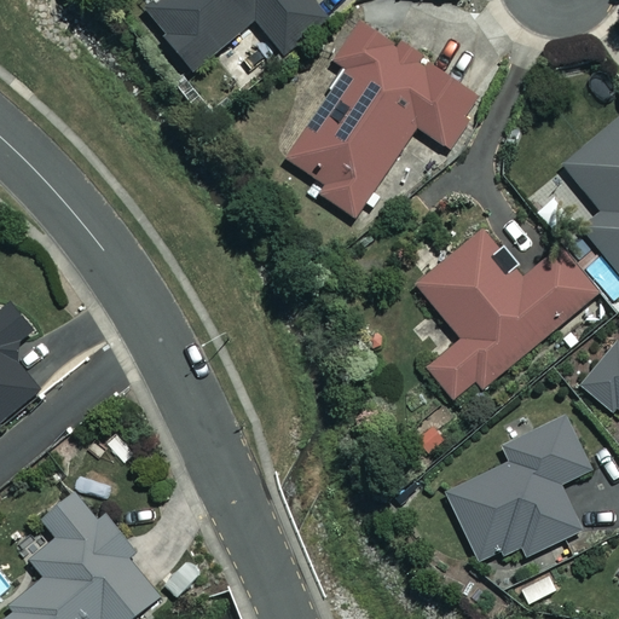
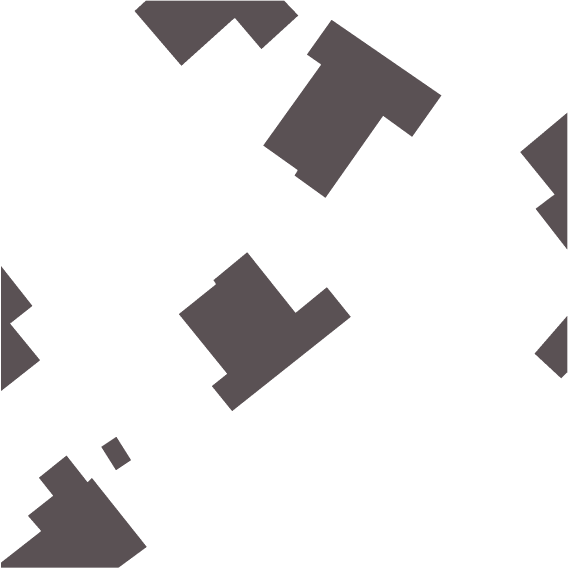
building: [416,228,596,405] -> none
building: none -> [178,251,352,412]
building: [445,417,590,565] -> none

